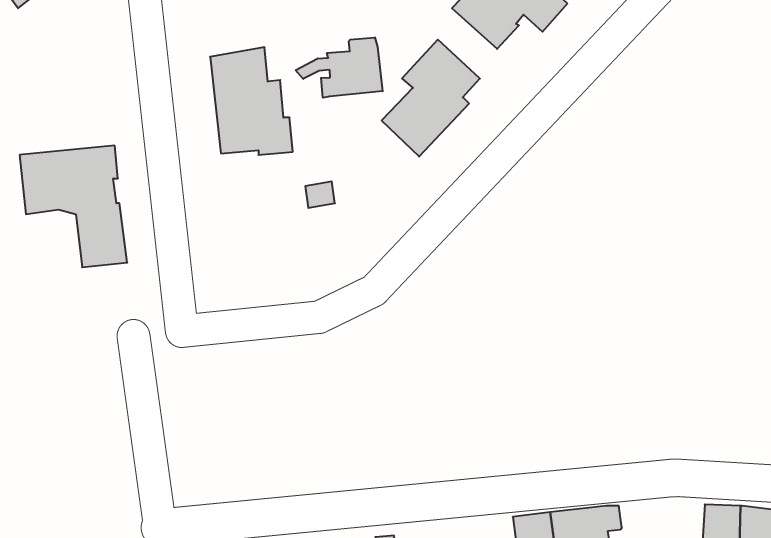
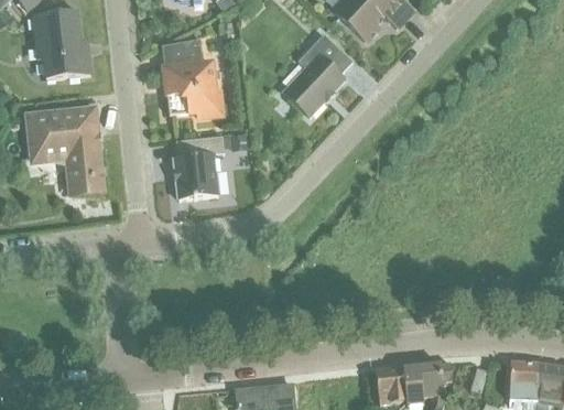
building: none -> [32,10,89,78]
building: [296,37,383,98] -> none
building: none -> [173,136,224,198]

